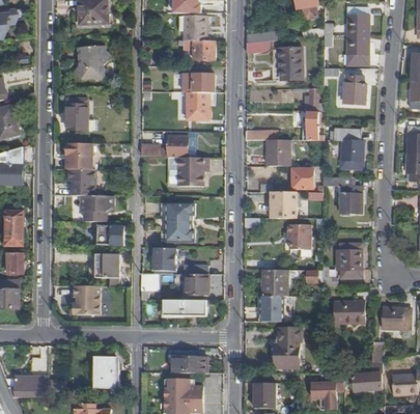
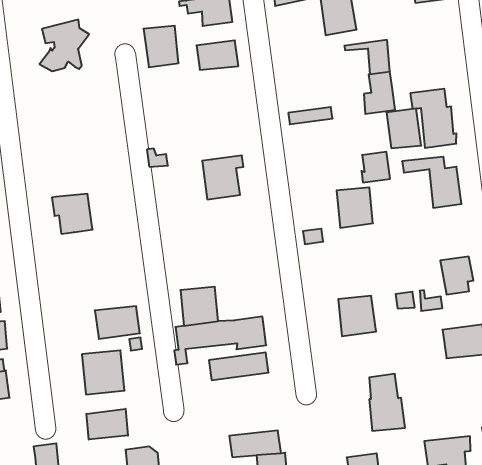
building: [343,77,365,104] -> none
building: [186,91,208,119] -> [143,26,179,67]
building: [66,99,86,129] -> none
building: [158,135,186,157] -> none
building: [267,139,288,166] -> [386,108,421,148]
building: [64,142,94,169] -> none
building: [80,195,110,221] -> none
building: [165,202,193,242] -> none
building: [285,224,309,249] -> none
building: [96,225,122,244] -> none
building: [260,296,290,321] -> none
building: none -> [86,409,128,440]

